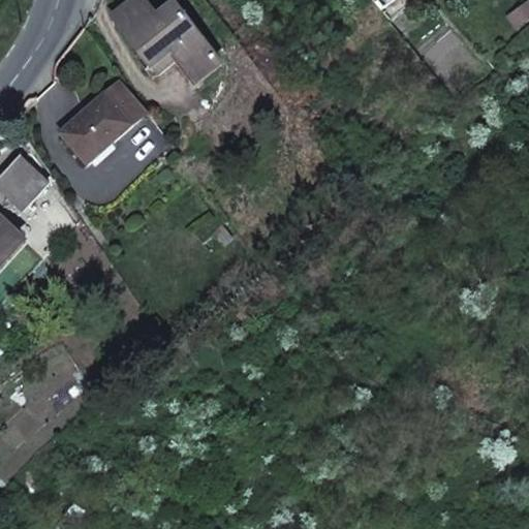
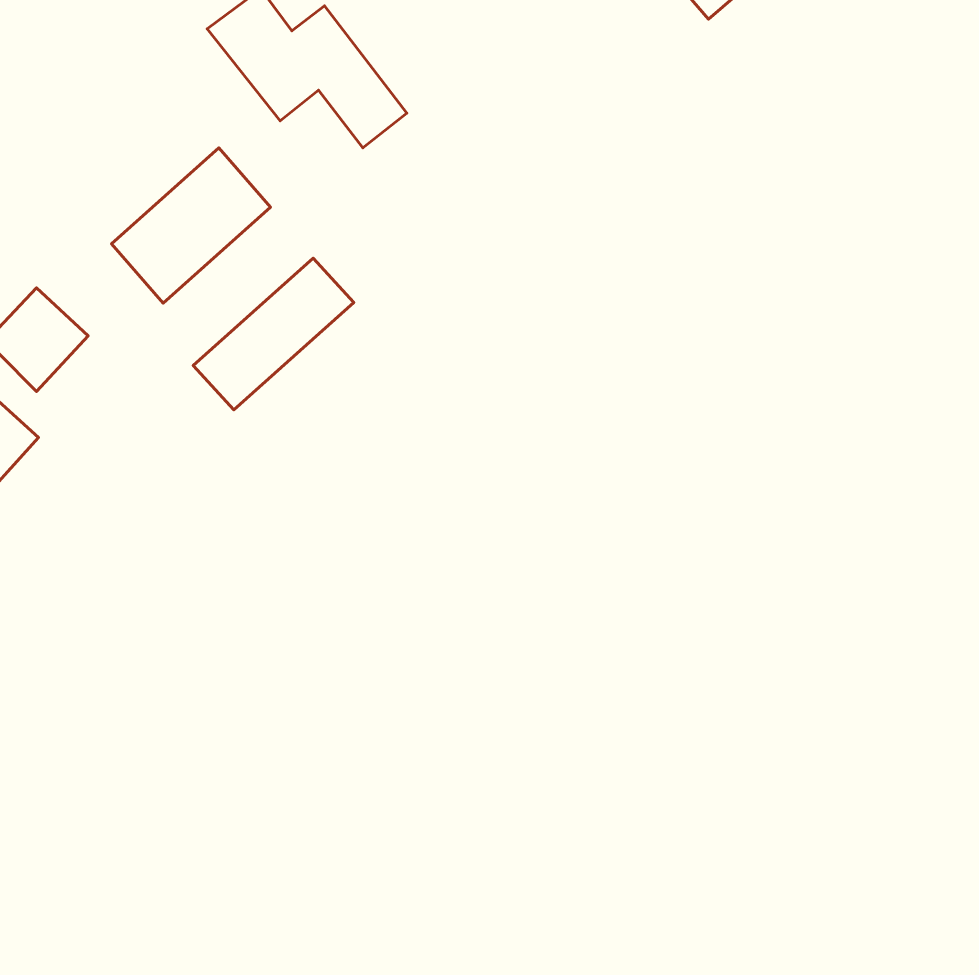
building: none -> [193,258,354,410]

